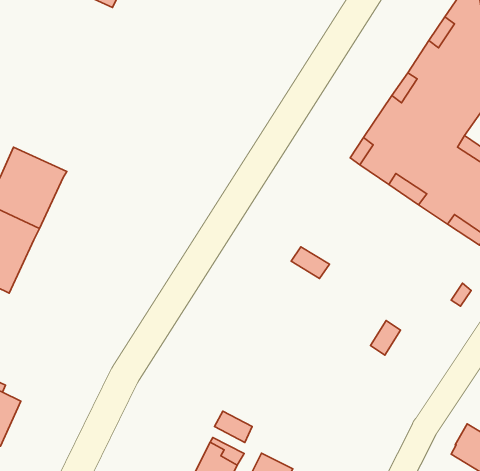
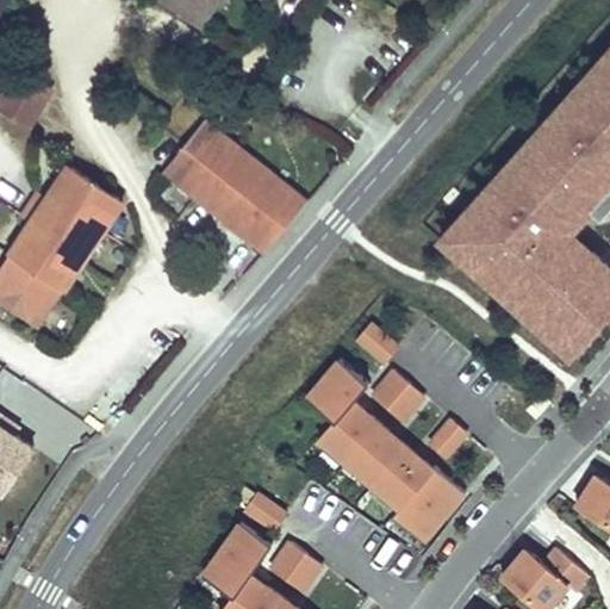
building: none -> [163,123,307,254]
building: none -> [306,360,466,543]
building: none -> [375,377,427,428]

